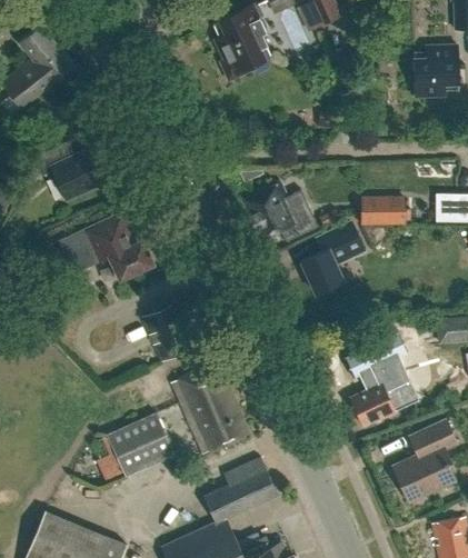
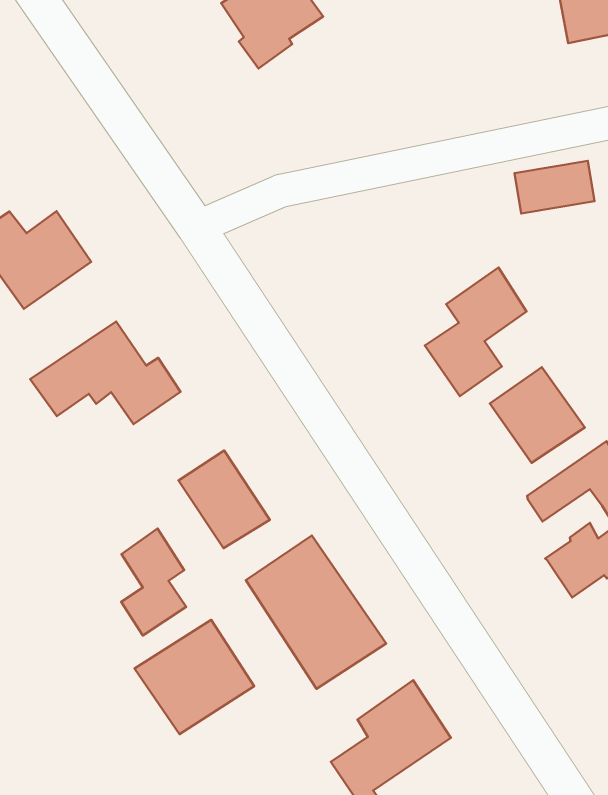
building: [241,183,298,241] -> none
building: [360,200,405,225] -> [515,161,595,213]
building: none -> [490,367,585,463]
building: none -> [121,528,186,635]

